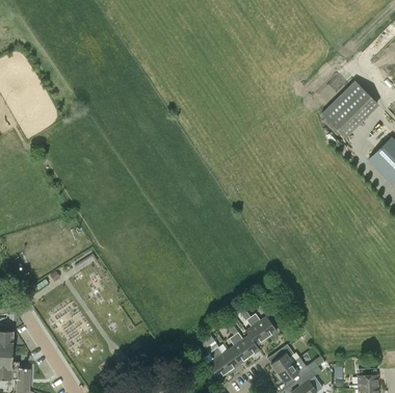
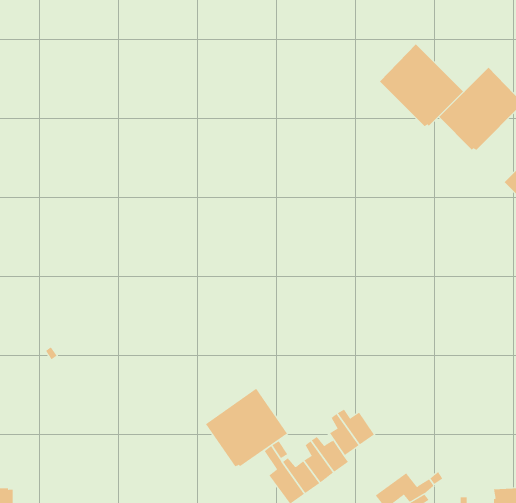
building: none -> [379,43,464,127]
building: none -> [205,388,288,467]
building: [267,344,298,373] -> none

